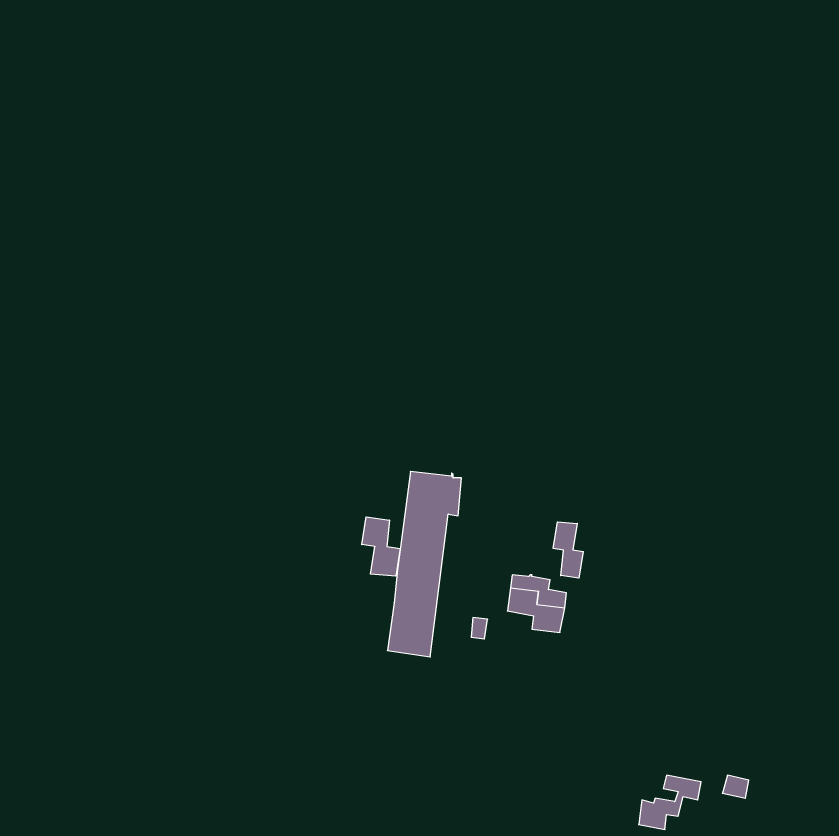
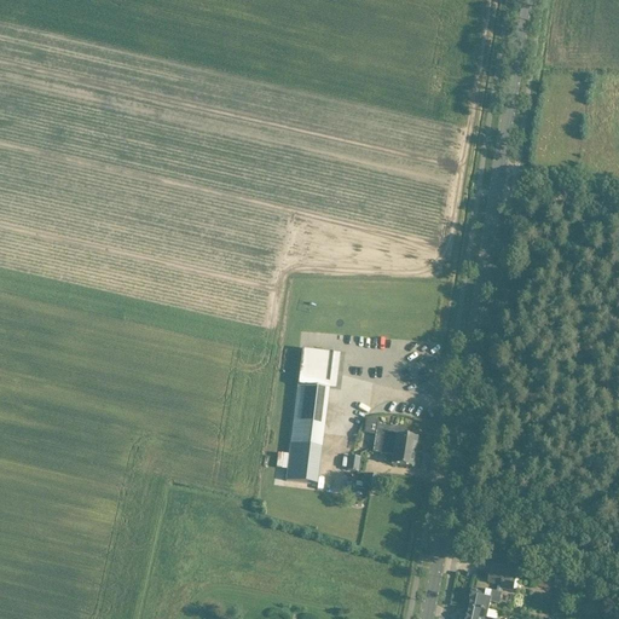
building: [362,517,400,576] -> none
building: [553,522,583,578] -> none

